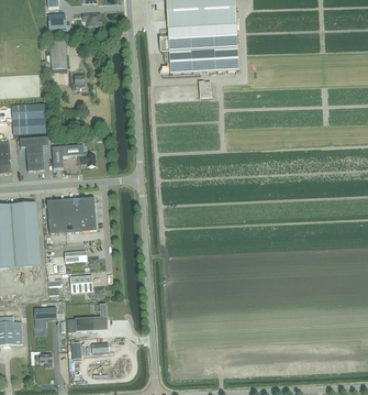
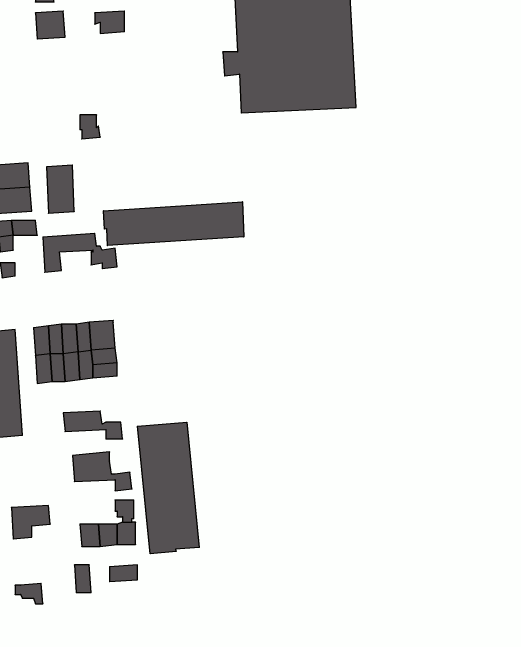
building: [49,39,66,67] -> [47,165,74,213]
building: none -> [104,202,244,246]
building: none -> [137,422,199,554]

